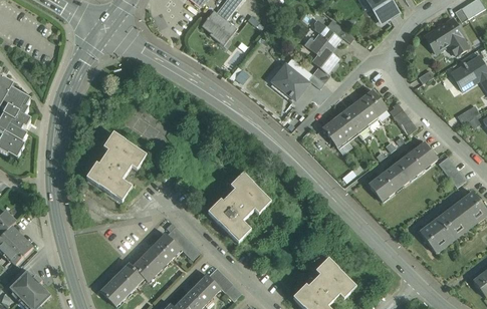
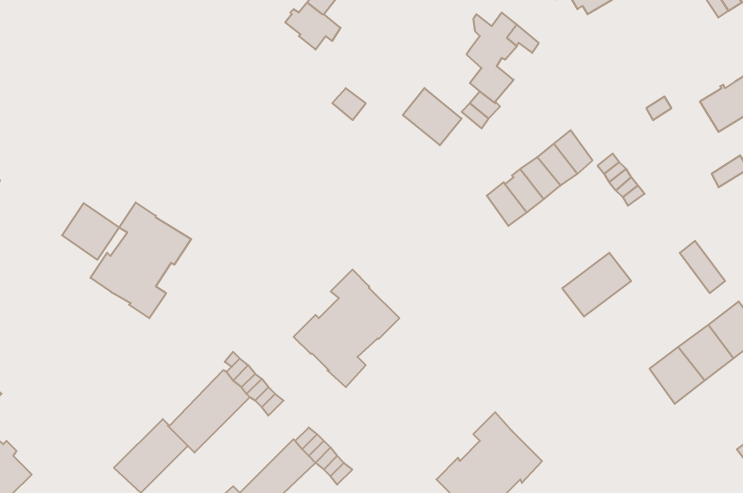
building: [424,18,468,55] -> none
building: none -> [62,203,119,260]
building: [396,140,437,180] -> none

